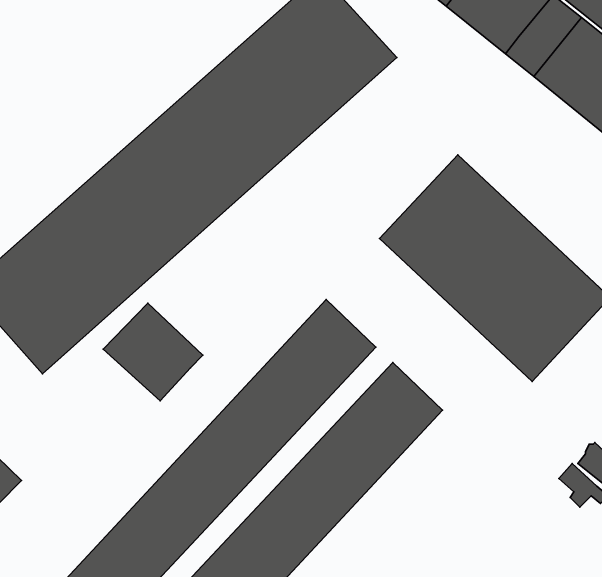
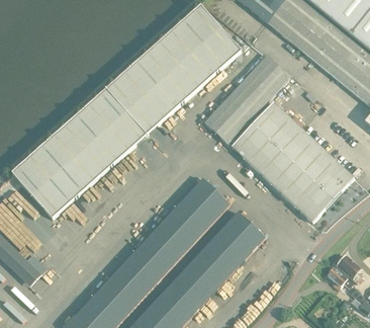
building: none -> [204,55,289,144]
building: [103,303,203,401] -> none

